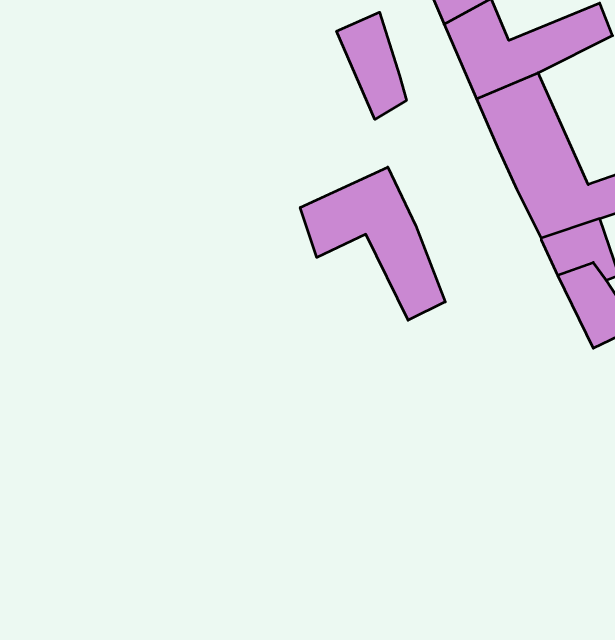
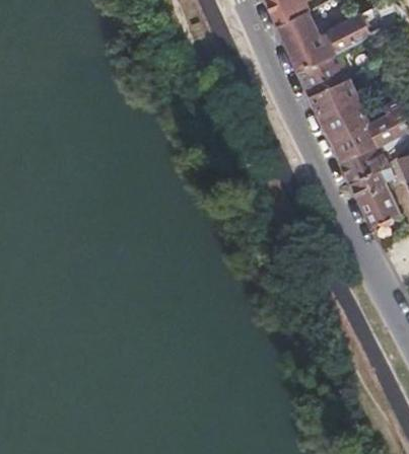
building: [337,12,406,119] -> none
building: [300,167,445,320] -> none

